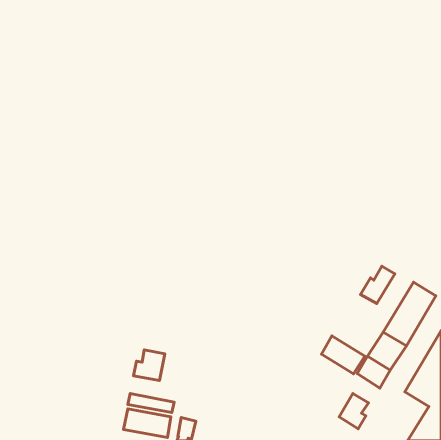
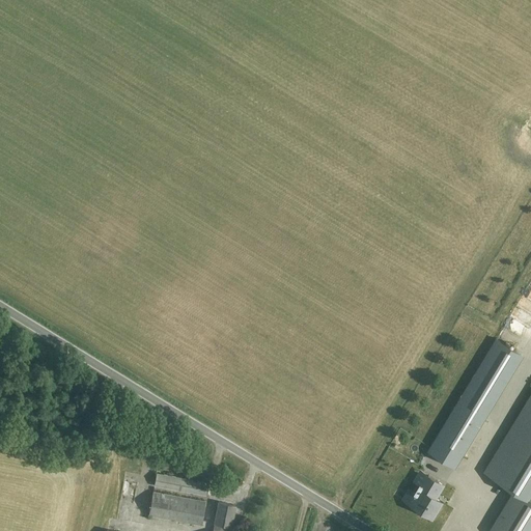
building: [360,266,395,303] -> none
building: [321,336,365,374] -> none
building: [134,350,165,380] -> none

